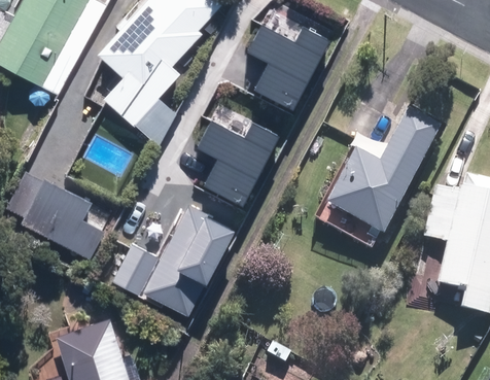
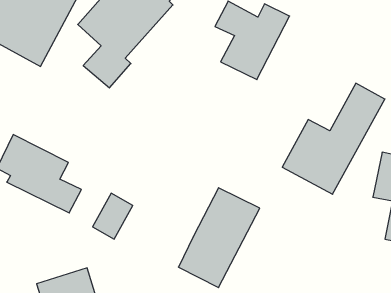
building: [201,120,282,207] -> none
building: [145,198,235,308] -> [178,188,260,288]

